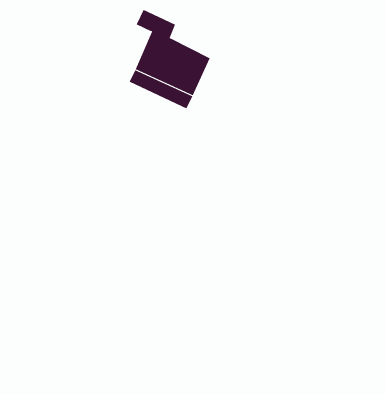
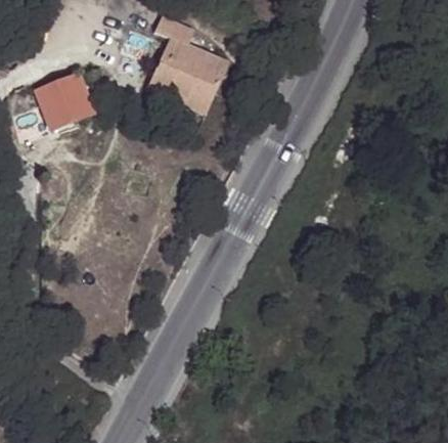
building: none -> [38,74,92,127]

